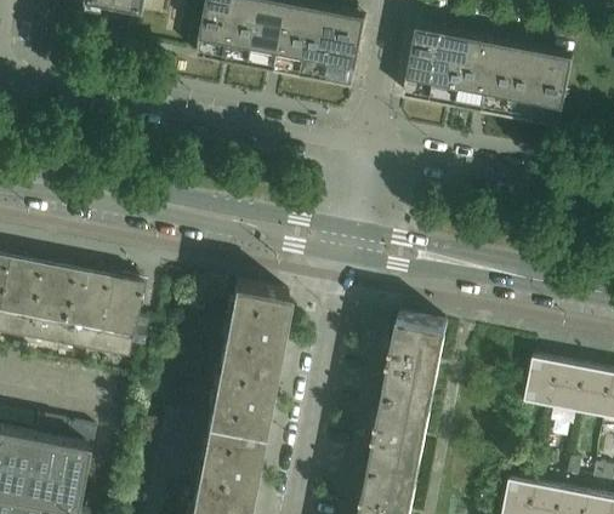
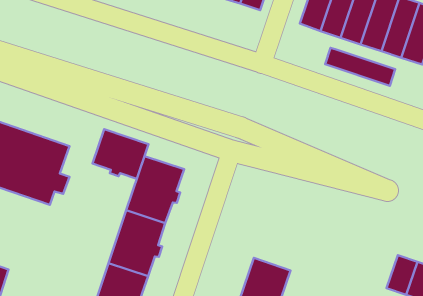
building: none -> [325,48,395,86]
building: none -> [93,129,149,179]
building: [386,313,448,398] -> none
building: [525,356,562,404] -> none

